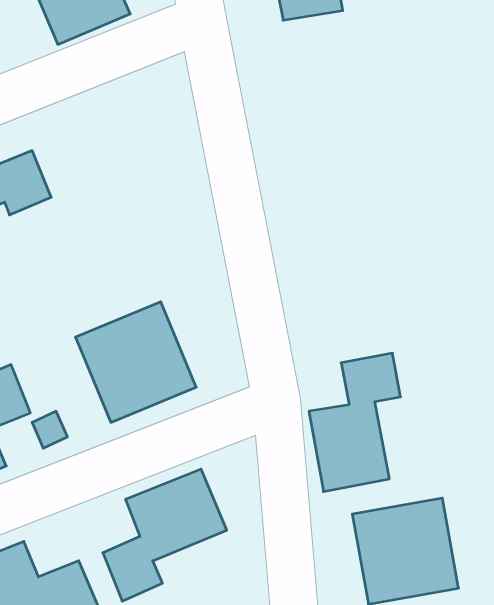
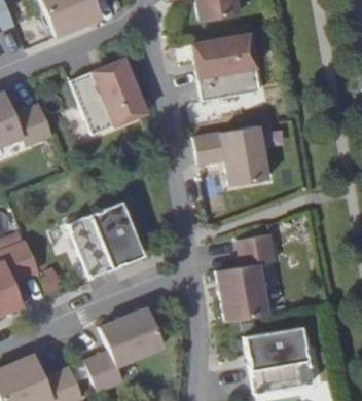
building: none -> [192,32,260,101]
building: none -> [70,58,147,135]
building: none -> [193,125,268,185]

